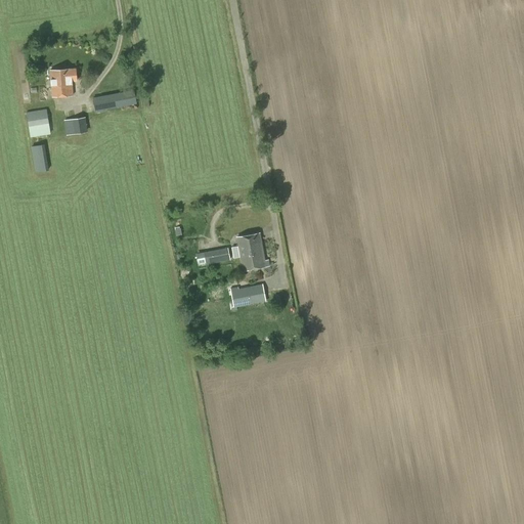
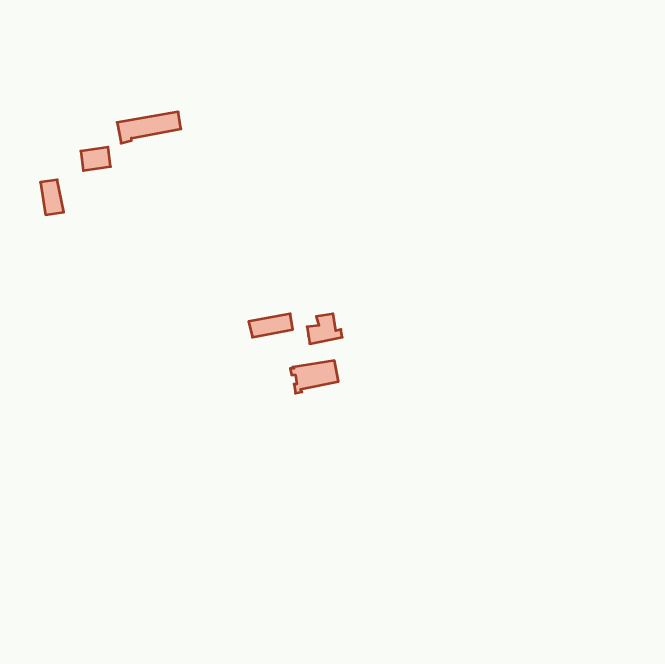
building: [50,68,77,96] -> none
building: [27,107,50,136] -> none
building: [237,232,262,257] -> none

